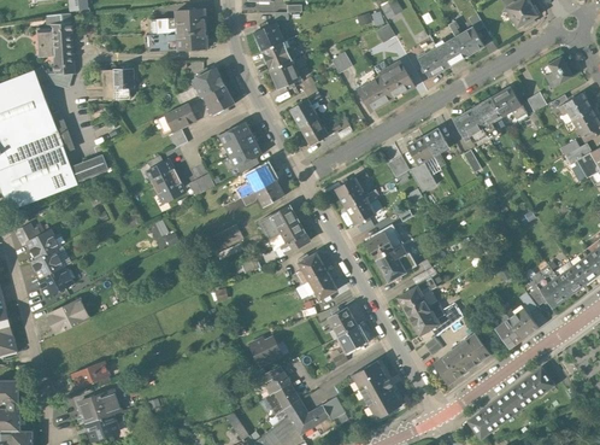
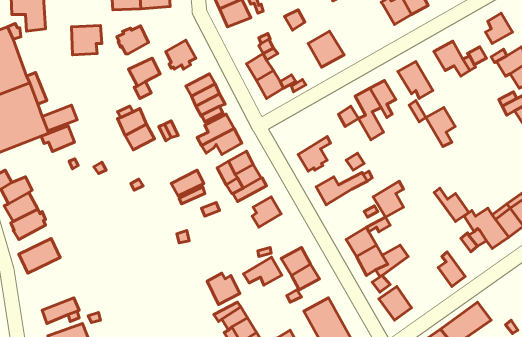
building: [416,46,448,77] -> none
building: [269,59,301,88] -> none
building: [378,59,416,99] -> none
building: [190,65,224,95] -> [117,26,148,54]
building: [471,95,502,137] -> [426,107,455,147]
building: none -> [41,126,74,152]
building: [334,176,376,206] -> none
building: [375,244,407,282] -> [373,181,404,217]
building: [296,270,337,300] -> [244,257,282,285]
building: [501,301,539,338] -> [434,188,469,222]
building: [451,335,486,371] -> none

